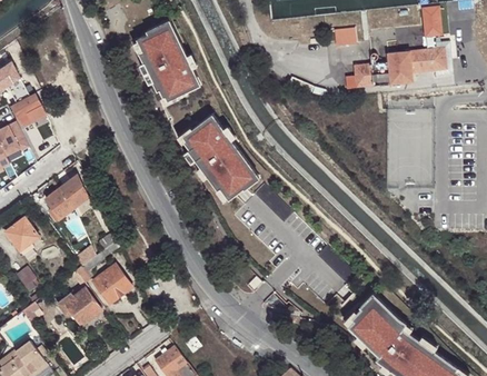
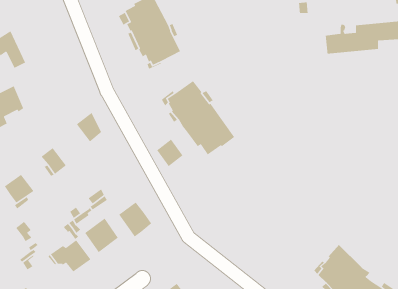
building: [12,93,46,126] -> none
building: [59,175,88,208] -> [76,112,102,142]
building: none -> [156,139,183,167]
building: none -> [118,201,152,238]

